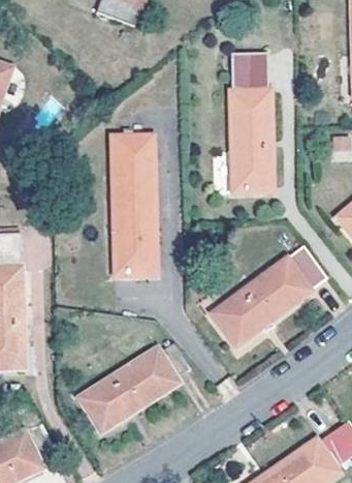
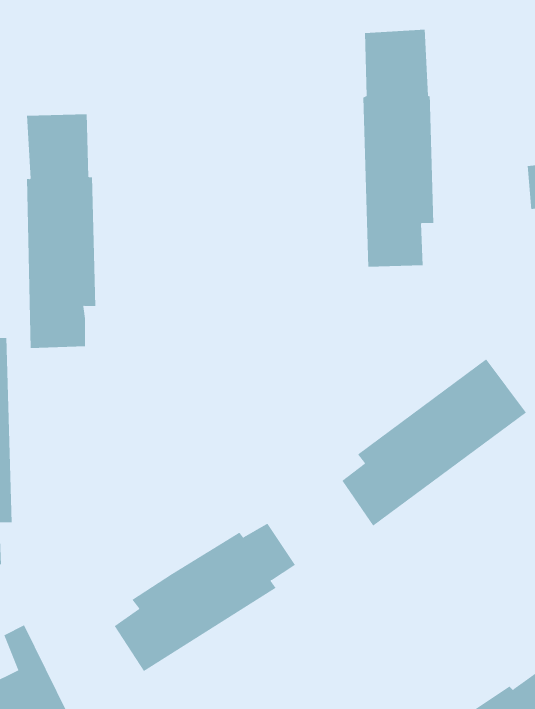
building: [114,137,155,275] -> [26,114,96,348]

